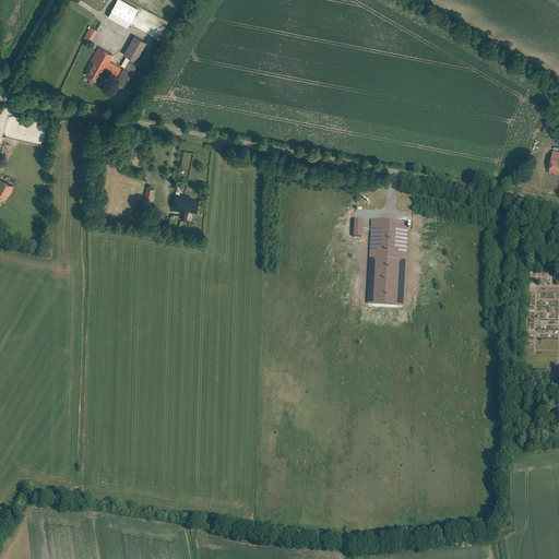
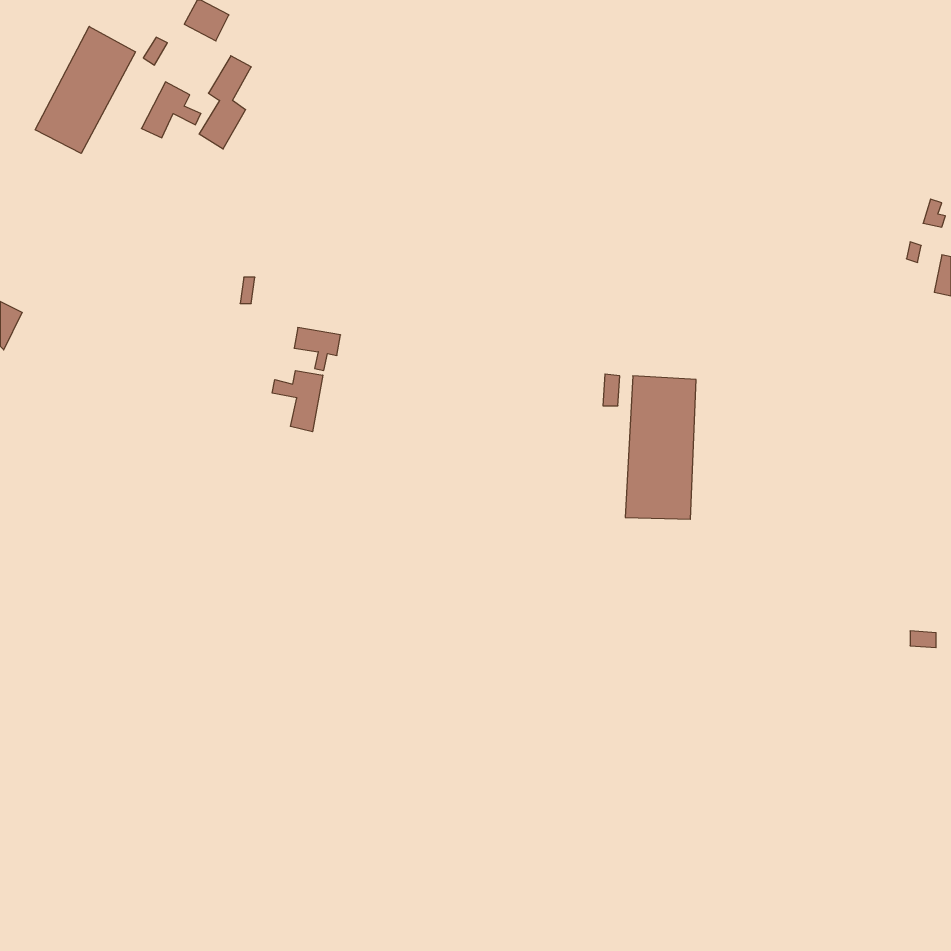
building: none -> [35,26,135,153]
building: none -> [272,371,323,432]

